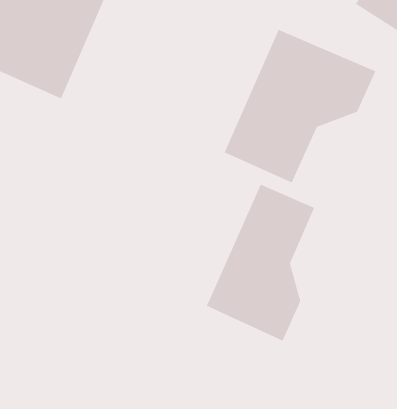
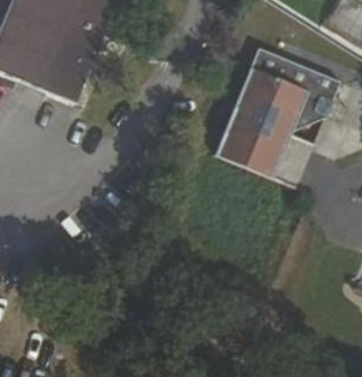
building: [206,184,315,342] -> none

